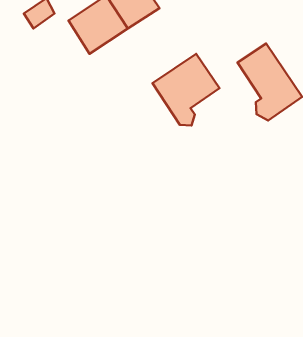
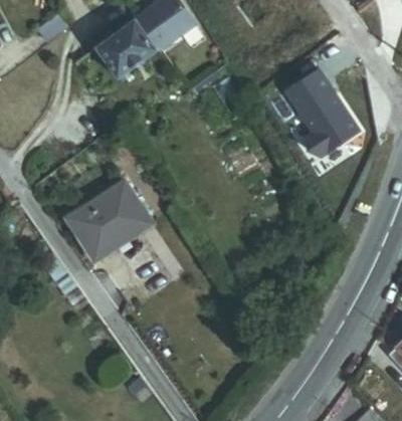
building: [153,54,220,125] -> none
building: none -> [67,178,152,257]

